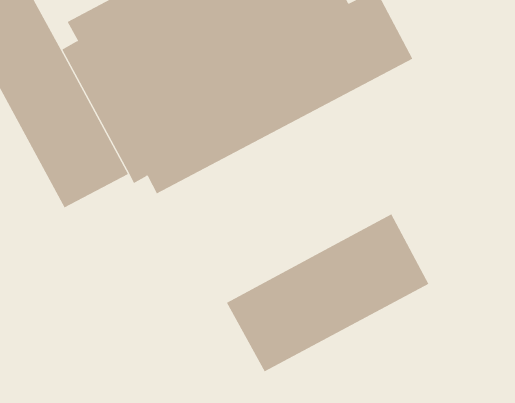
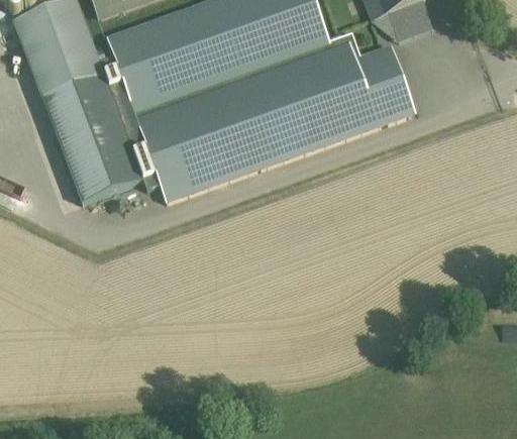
building: [226,214,429,372] -> none

